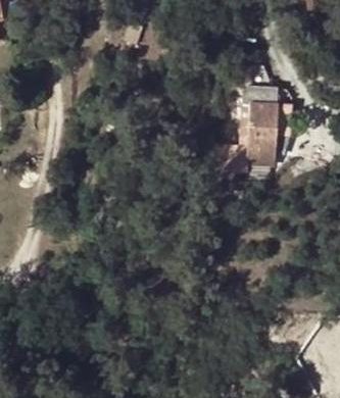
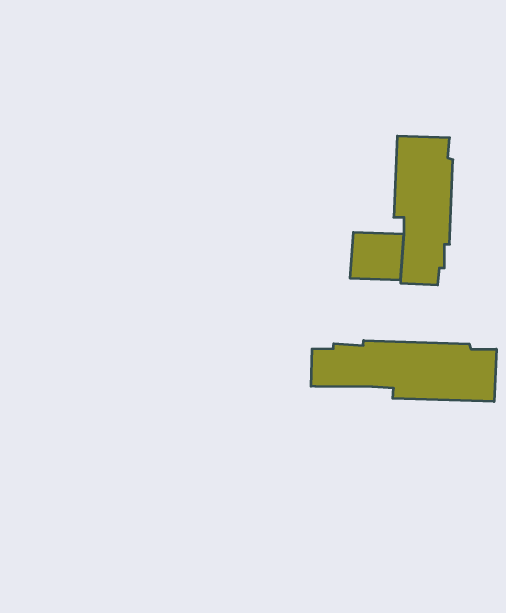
building: none -> [311,340,496,402]

